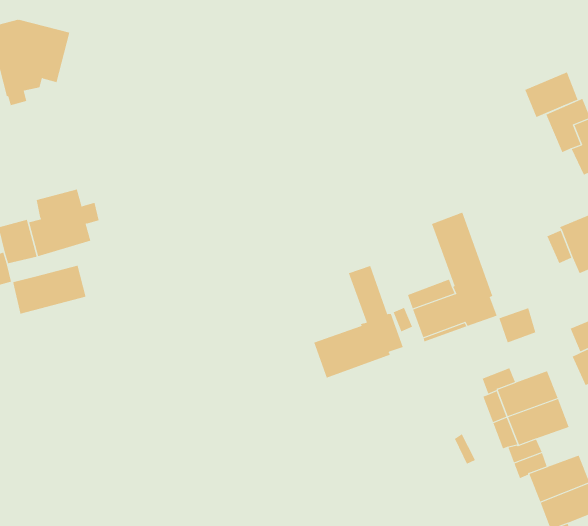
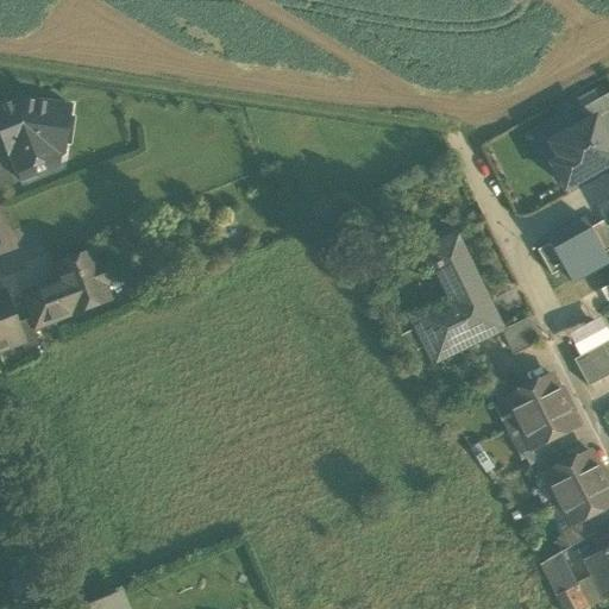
building: [525,71,579,118] -> none
building: [12,265,86,315] -> none
building: [314,265,404,378] -> none

